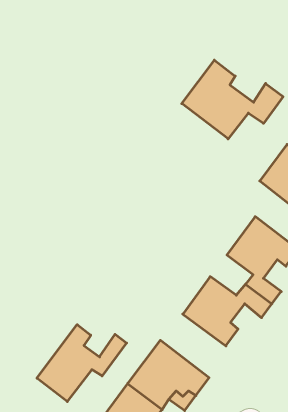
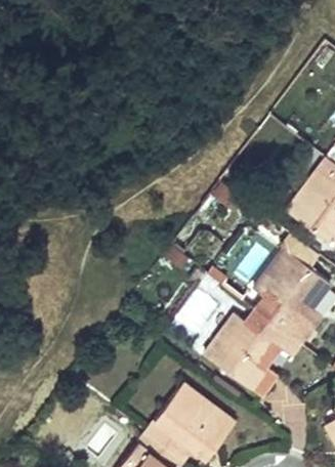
building: [182,60,283,139] -> none
building: [37,325,127,402] -> none

